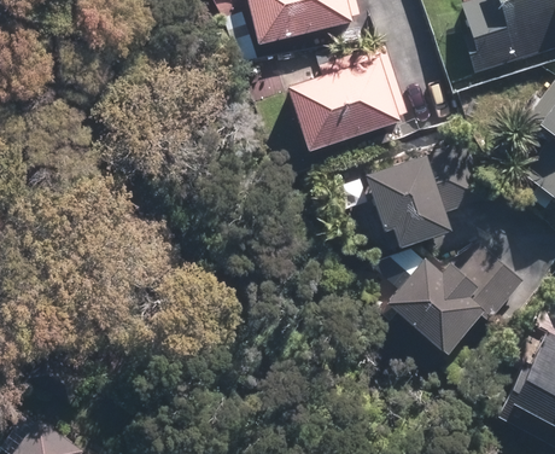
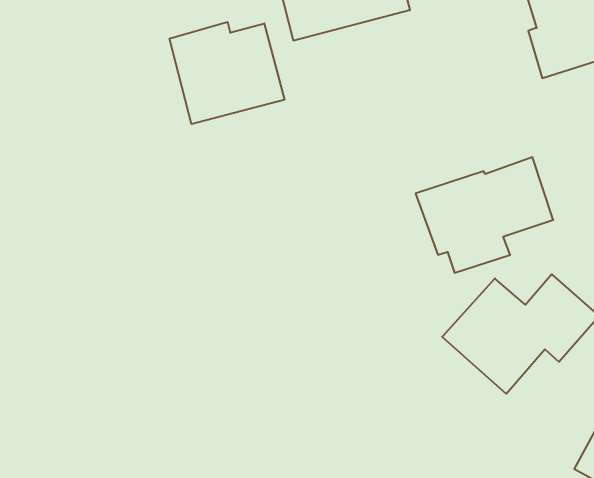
building: none -> [169,22,285,124]
building: [290,48,405,147] -> none

